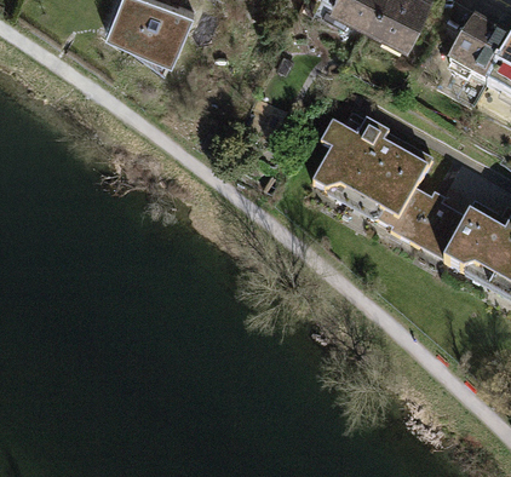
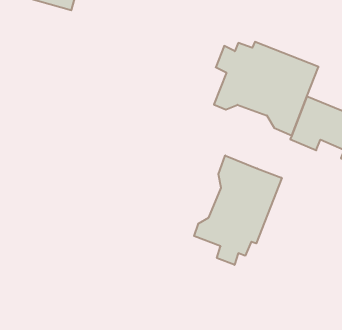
building: none -> [194,155,282,265]

